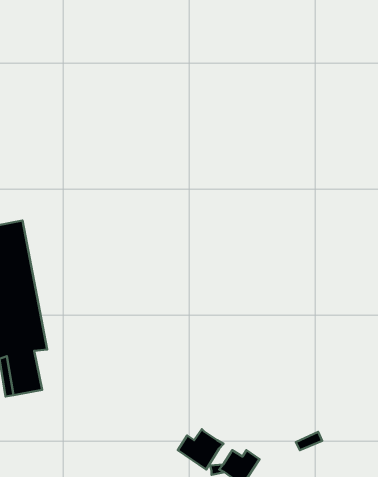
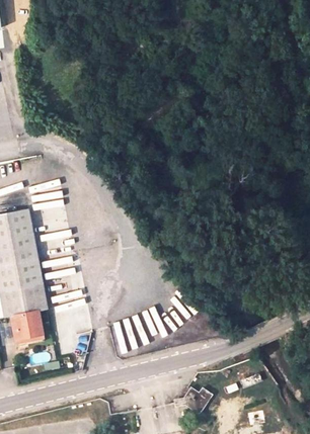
building: [178,429,223,469] -> none

